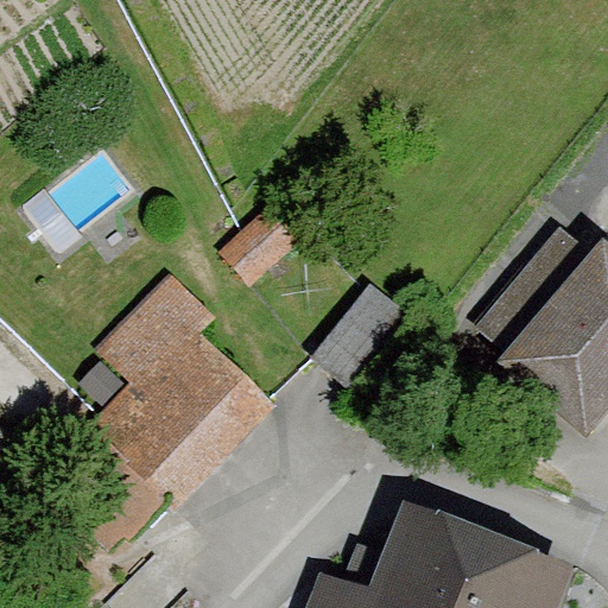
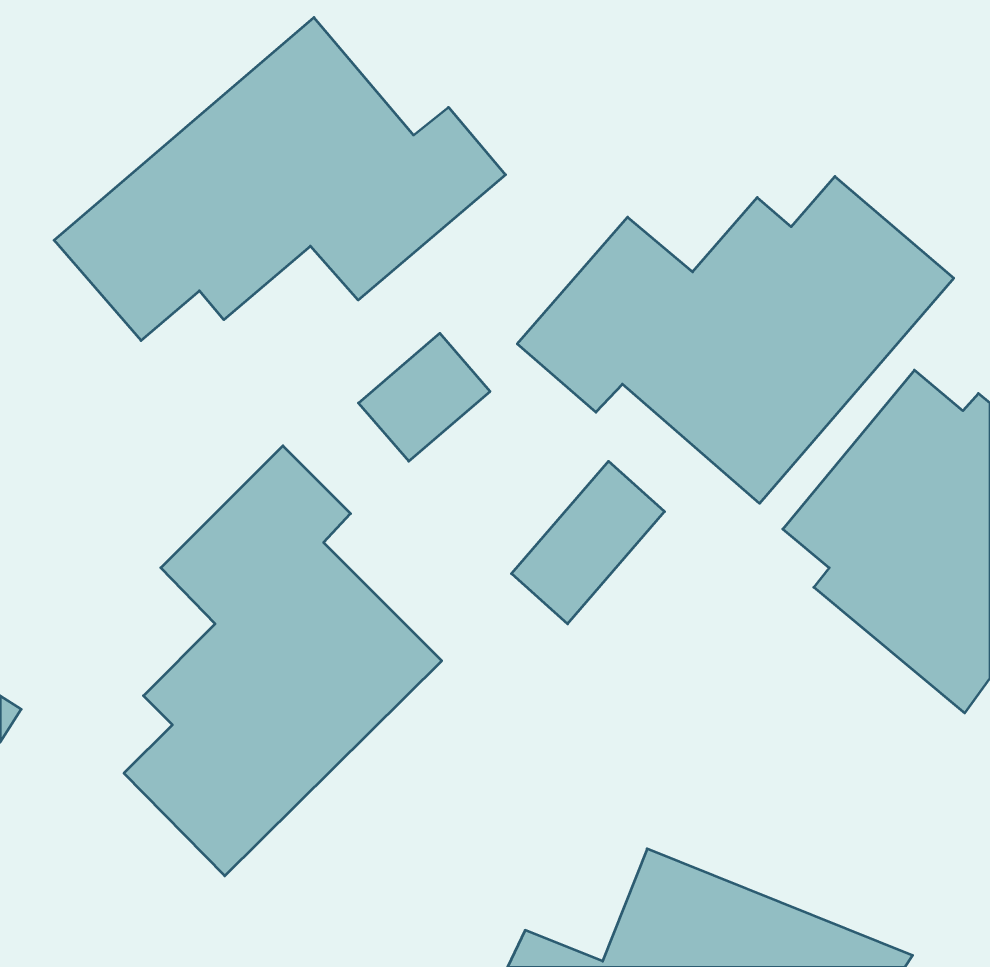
building: none -> [54,17,506,341]
building: none -> [517,176,954,503]

